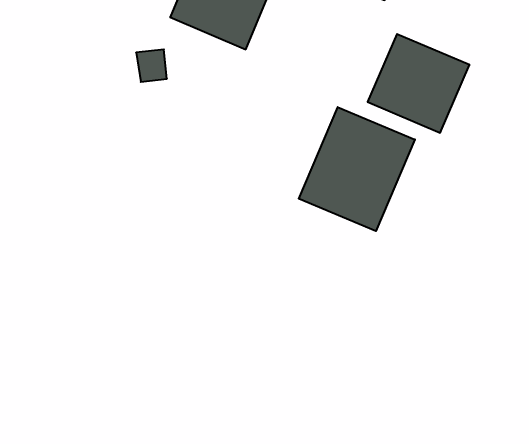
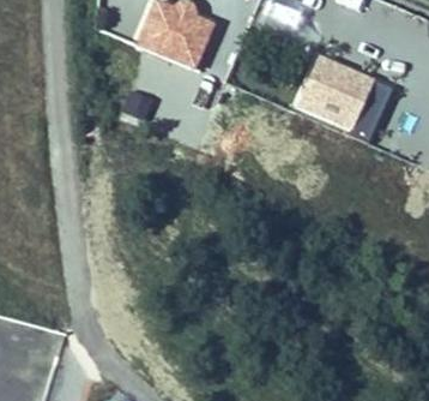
building: [299,107,415,231] -> none

